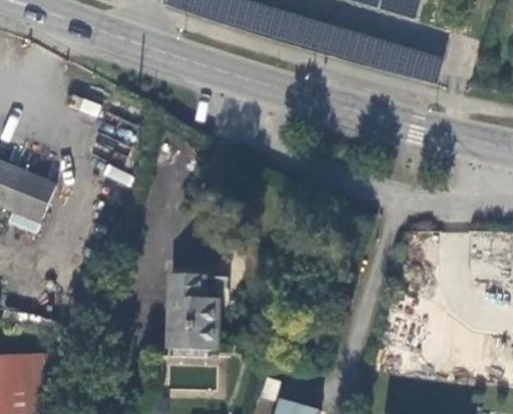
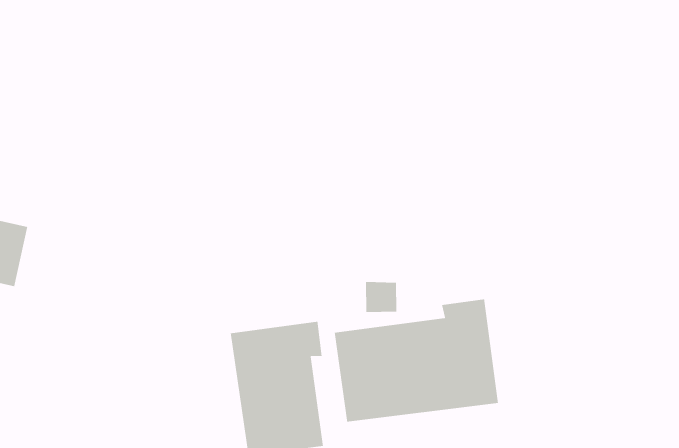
building: none -> [334,298,499,423]

